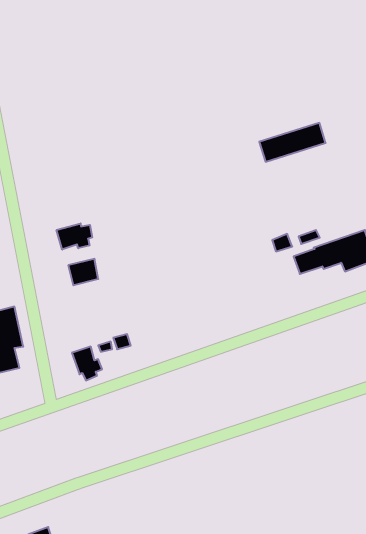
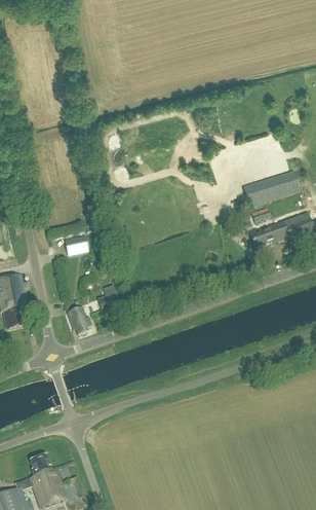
building: [259,123,326,162] -> [244,174,299,206]
building: [57,223,92,250] -> none

